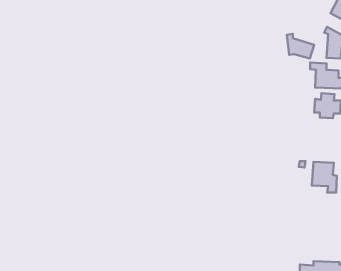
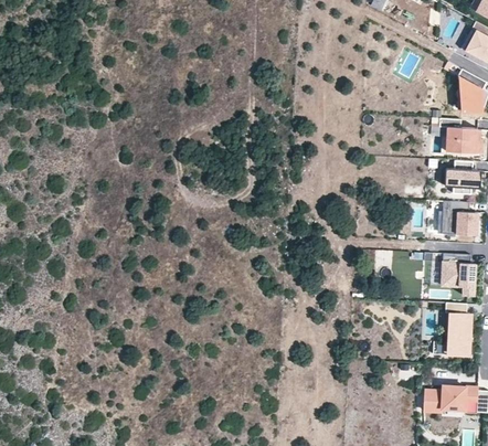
building: [287,34,314,59] -> none
building: none -> [448,201,476,235]
building: none -> [434,304,471,357]

